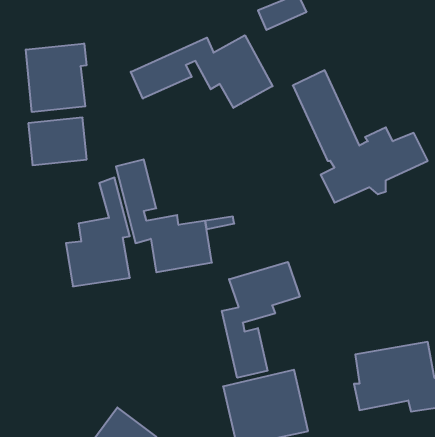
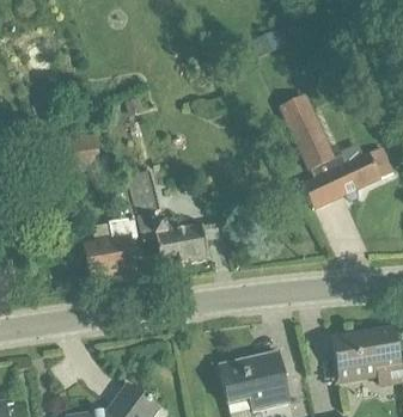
building: [131,35,273,108] -> none
building: [26,43,86,112] -> none
building: [222,262,300,378] -> none

